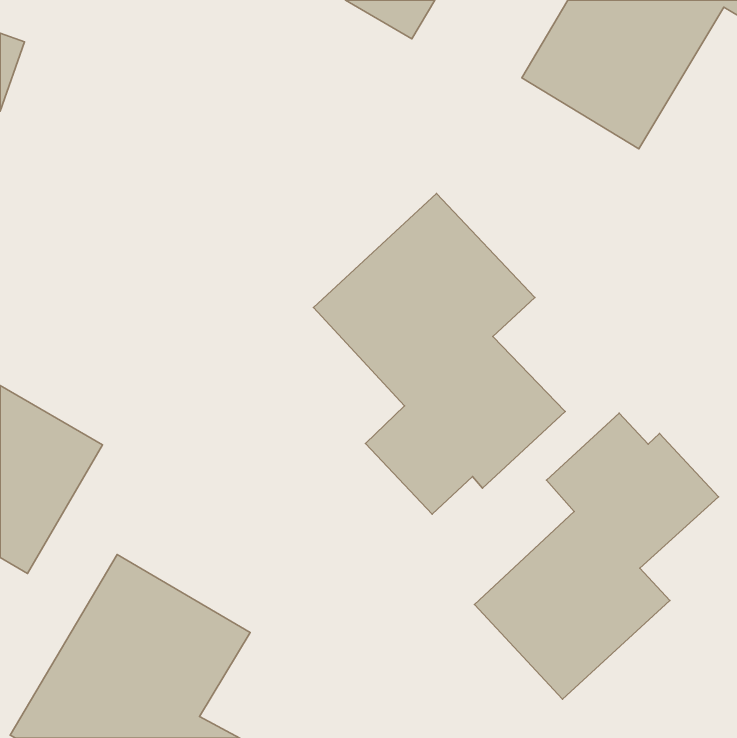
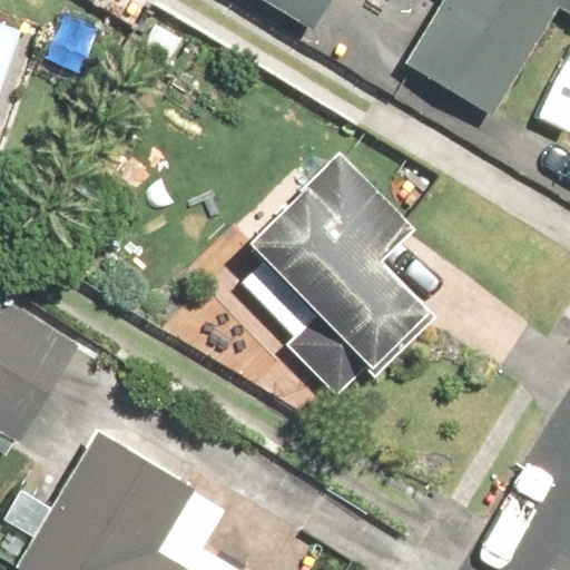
building: [474,413,719,699] -> none

